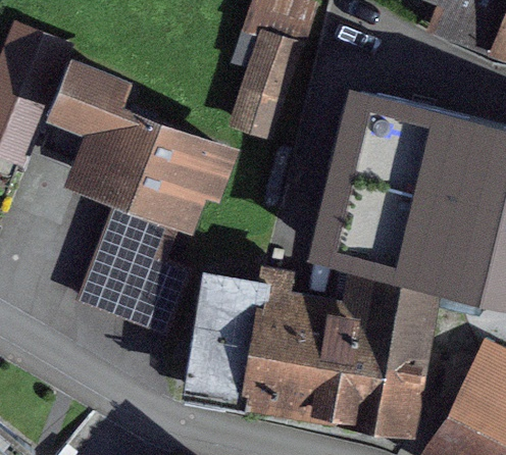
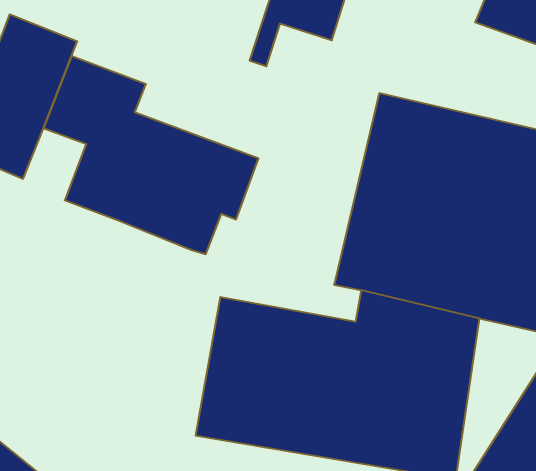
building: [229,29,306,142] -> none
building: [77,207,195,335] -> none

